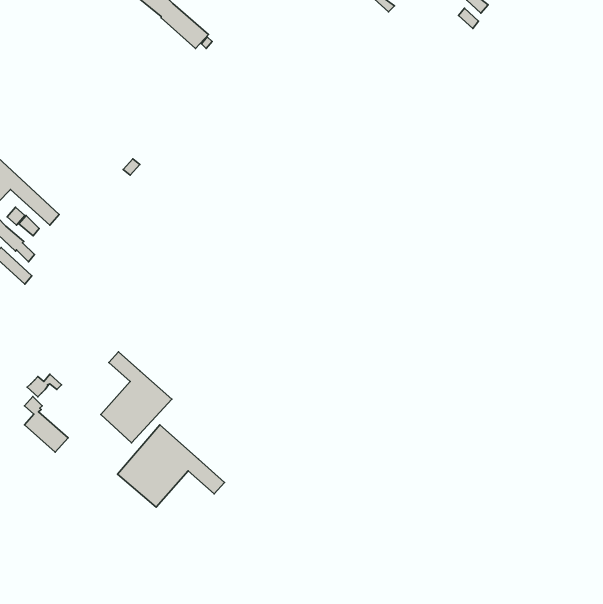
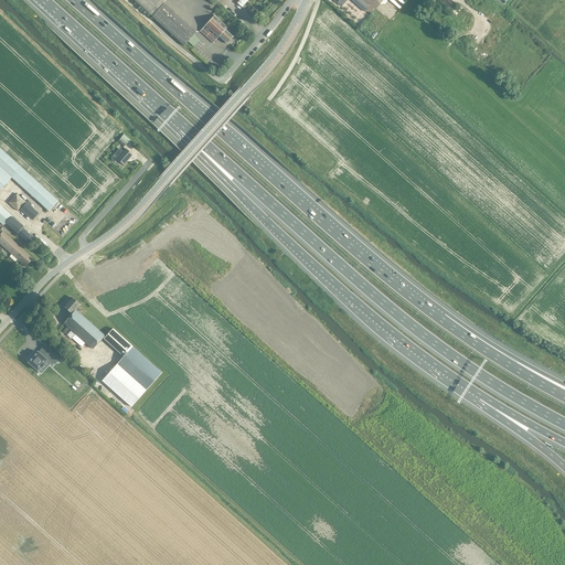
building: none -> [198,14,231,43]
building: [24,396,68,452] -> [62,296,103,348]
building: [118,425,225,507] -> none

